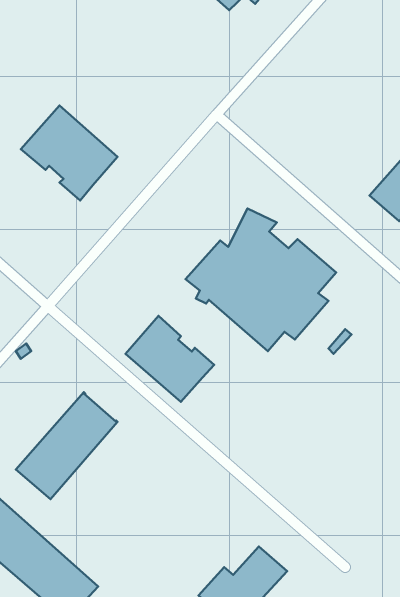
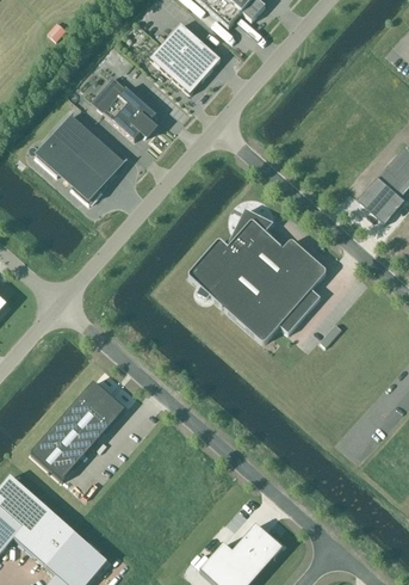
building: none -> [150,24,219,93]
building: none -> [91,74,157,138]
building: [125,316,214,402] -> none

